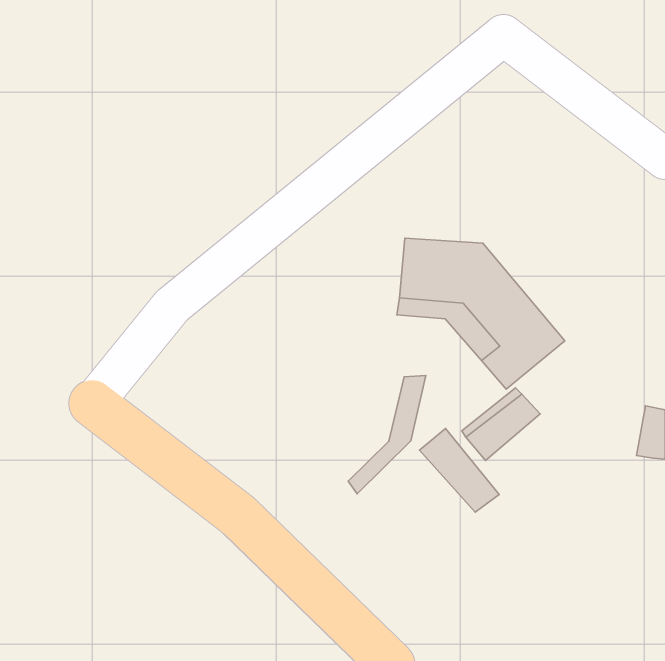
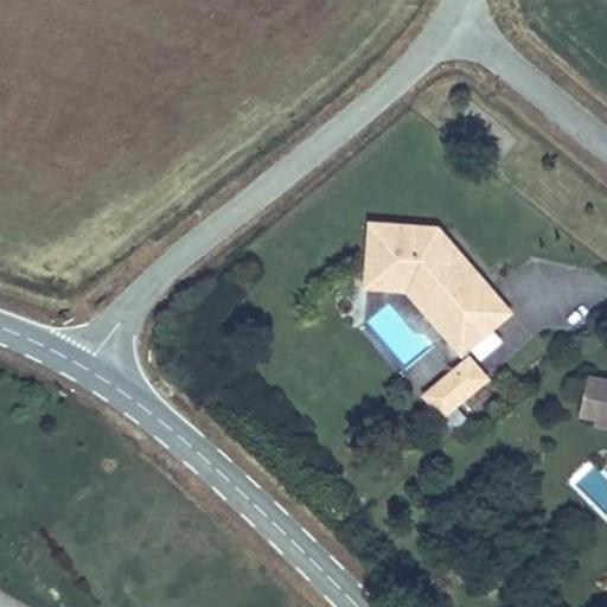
building: [348,376,426,494] -> none
building: [419,428,499,512] -> none

